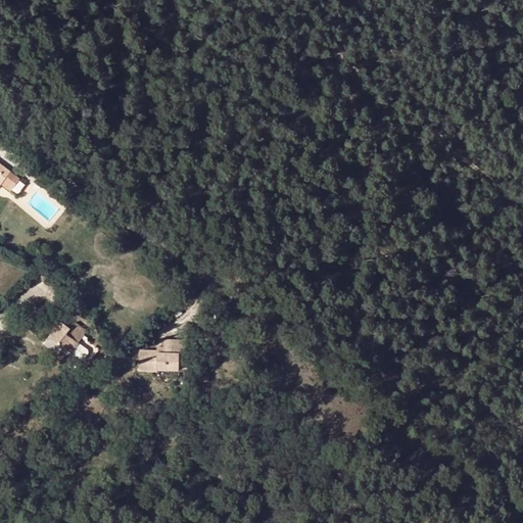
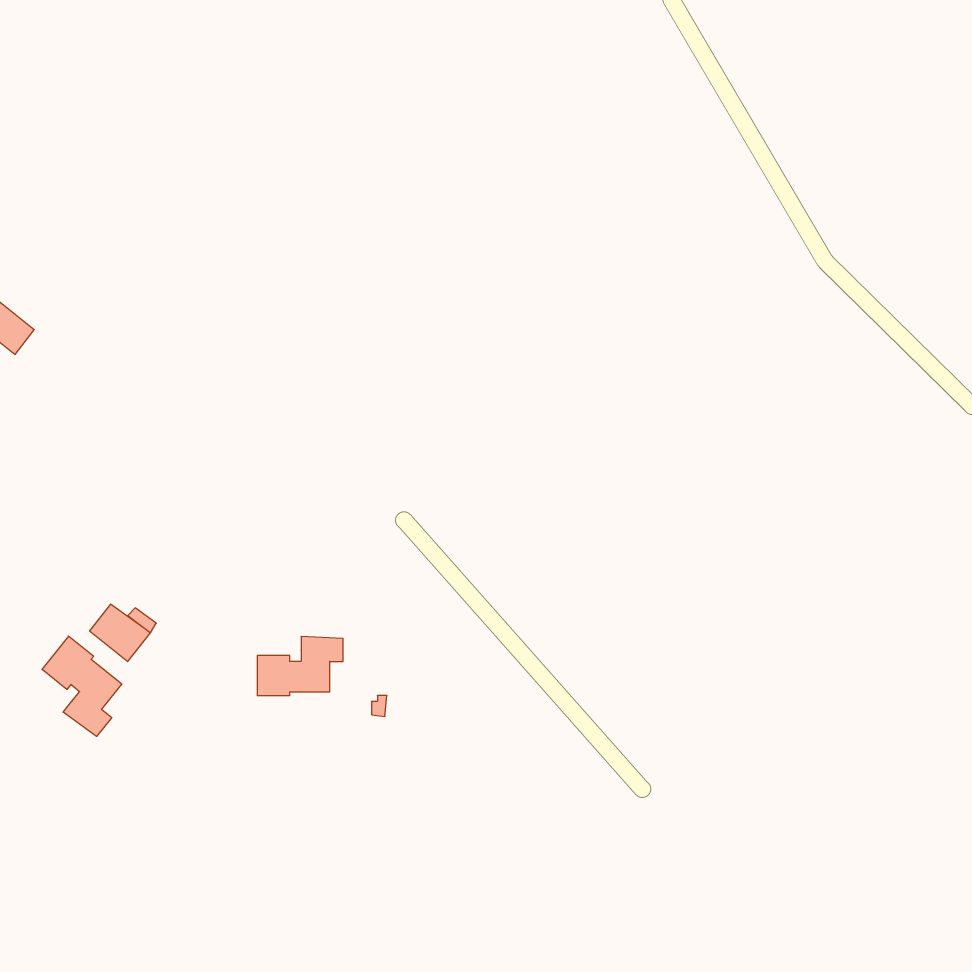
building: none -> [42,636,122,736]

